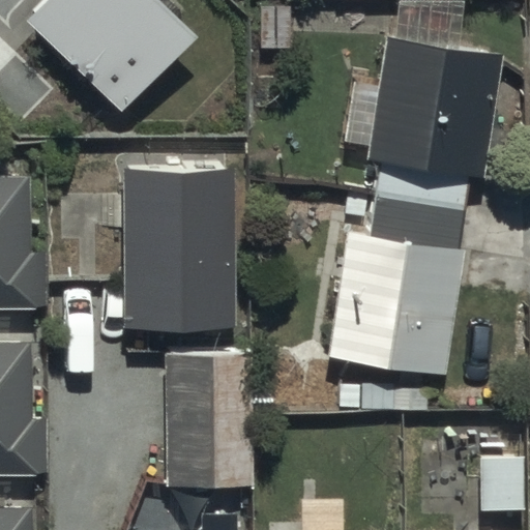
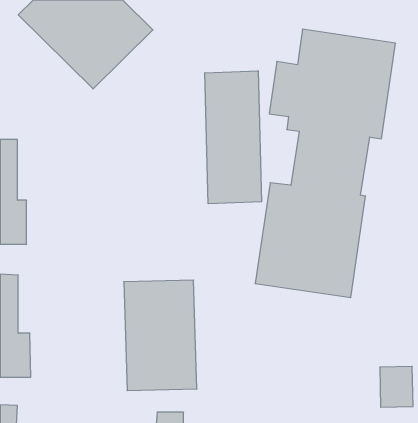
building: none -> [205,71,262,204]
building: [118,169,236,329] -> none

